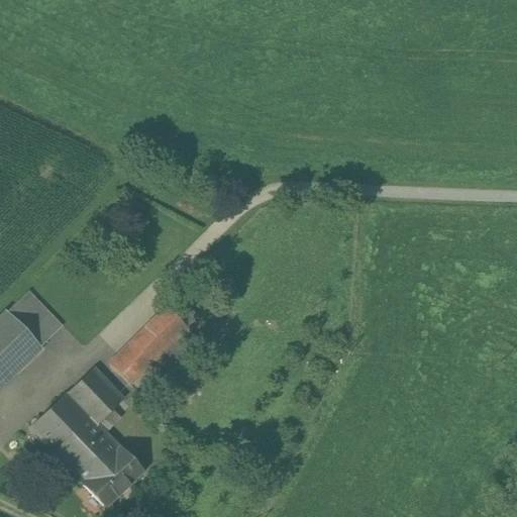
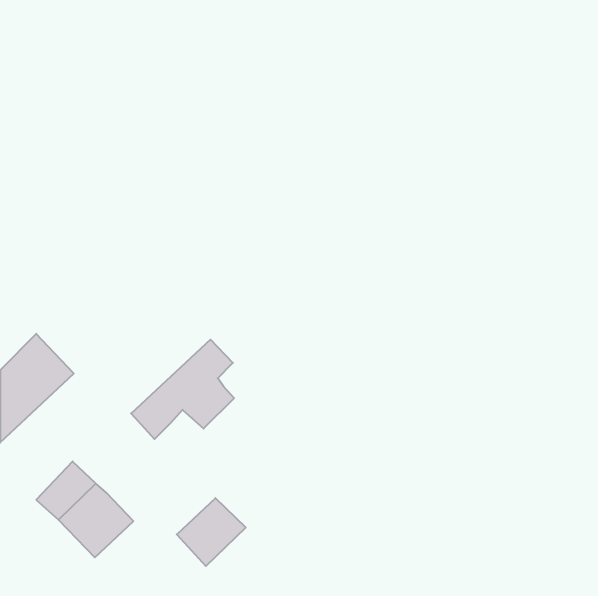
building: [63,366,122,425] -> none
building: [82,449,141,508] -> [177,498,246,566]

